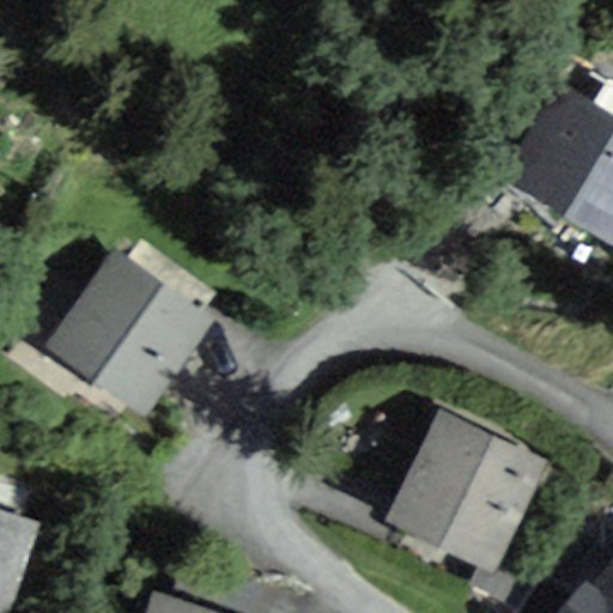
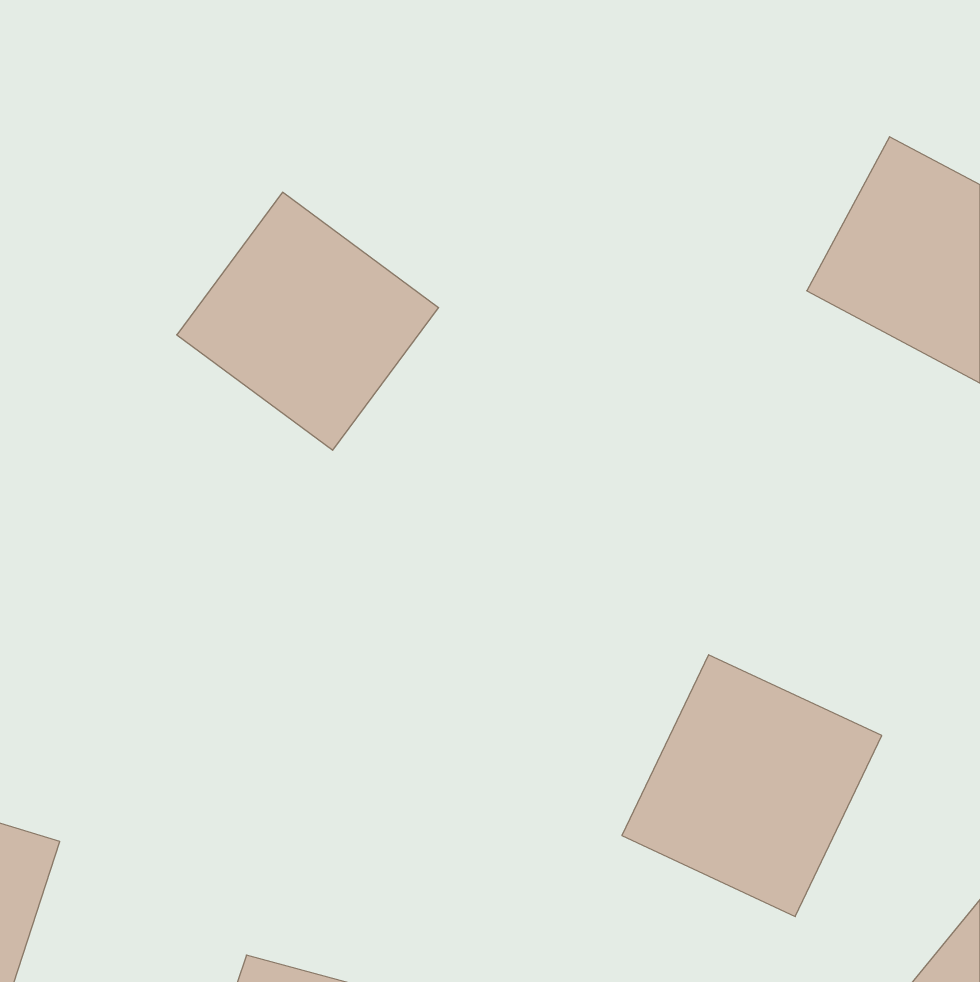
building: [51,250,214,411] -> [177,192,439,450]

